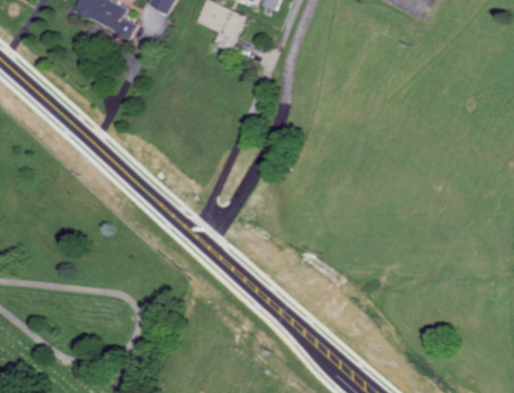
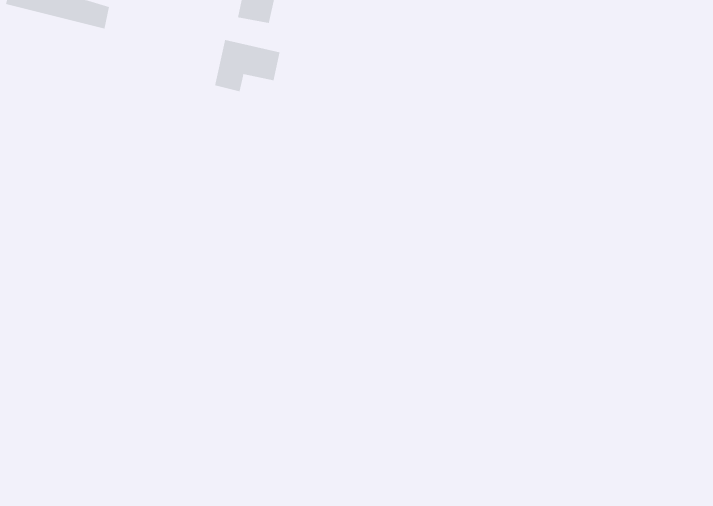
building: none -> [214,39,280,92]

